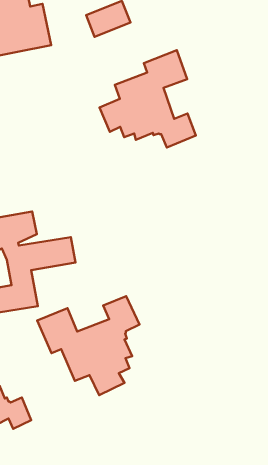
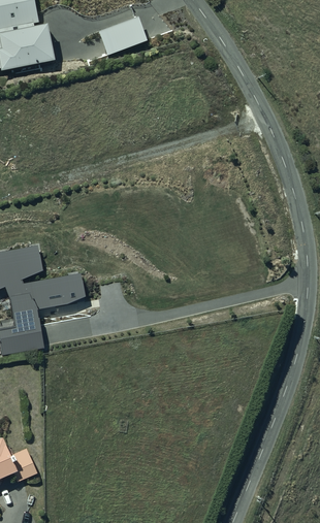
building: [99,50,196,148] -> none
building: [37,296,140,395] -> none

